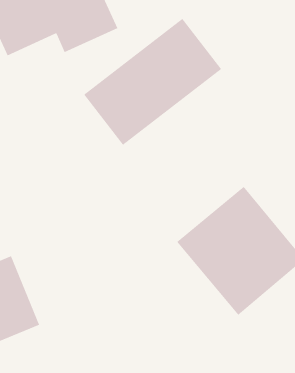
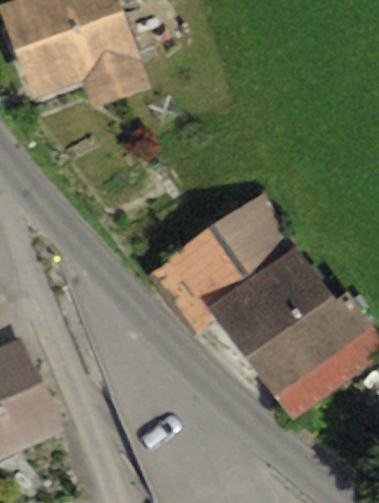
building: [83,18,222,146] -> none
building: none -> [152,175,309,323]

